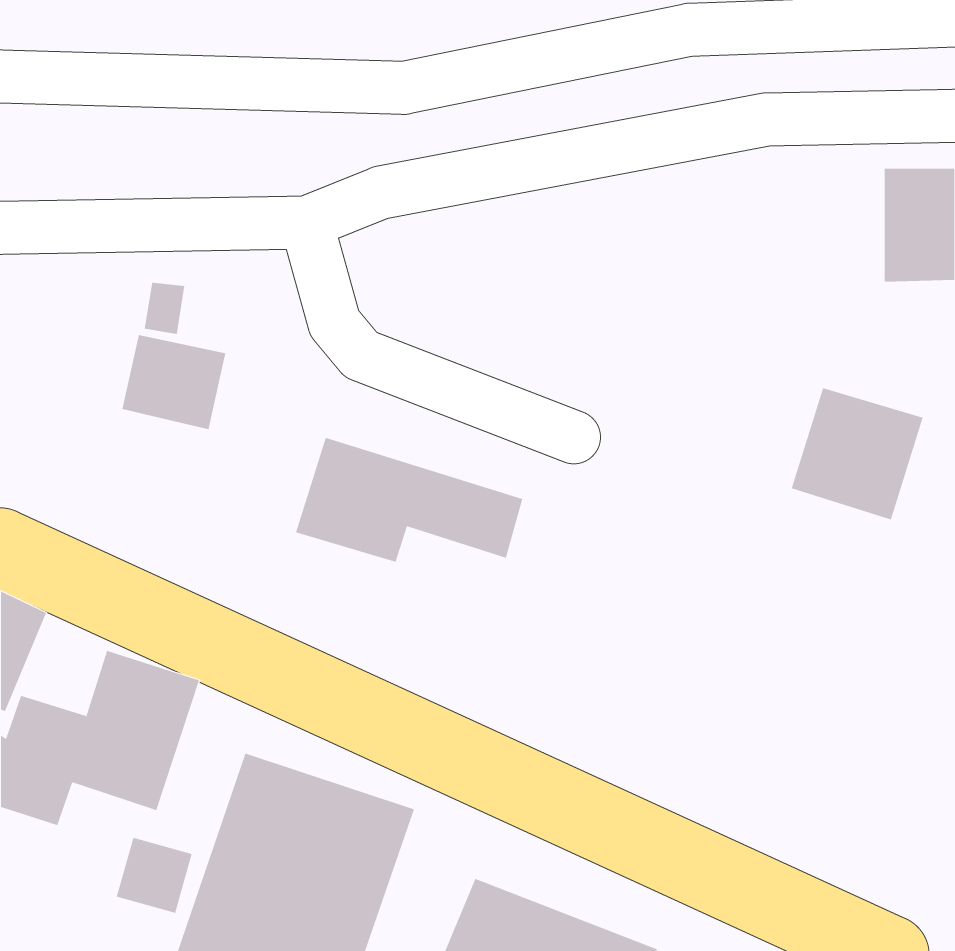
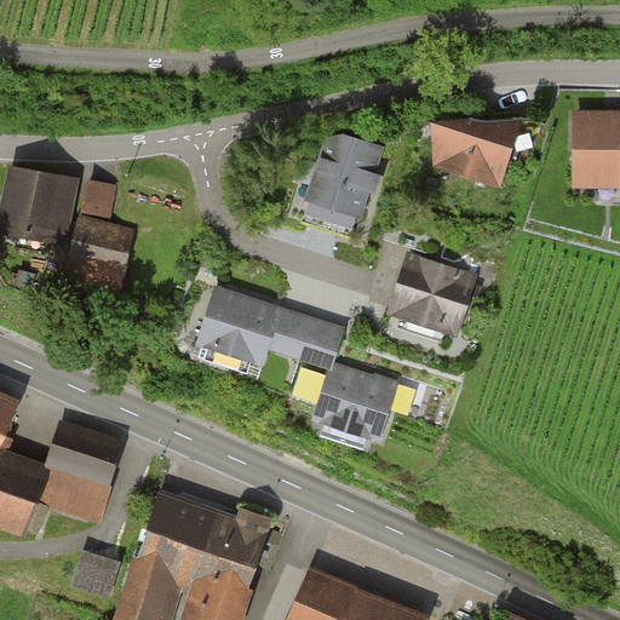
building: none -> [432,107,519,186]
building: none -> [304,126,384,217]
building: none -> [11,165,91,240]
building: [791,388,923,520] -> [385,256,471,341]
building: none -> [309,364,392,440]

